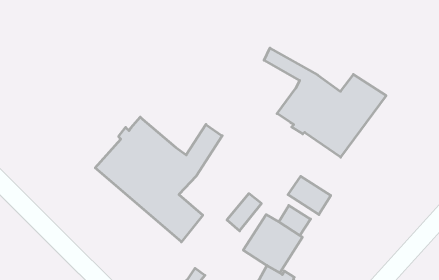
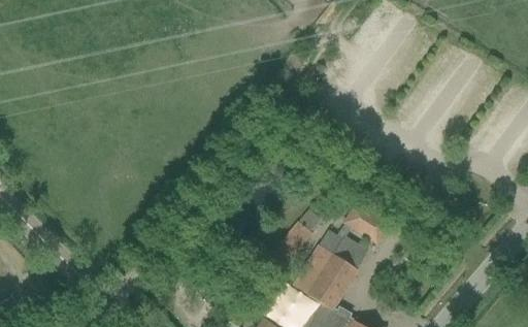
building: [264,48,386,157] -> none
building: [95,117,222,242] -> none

